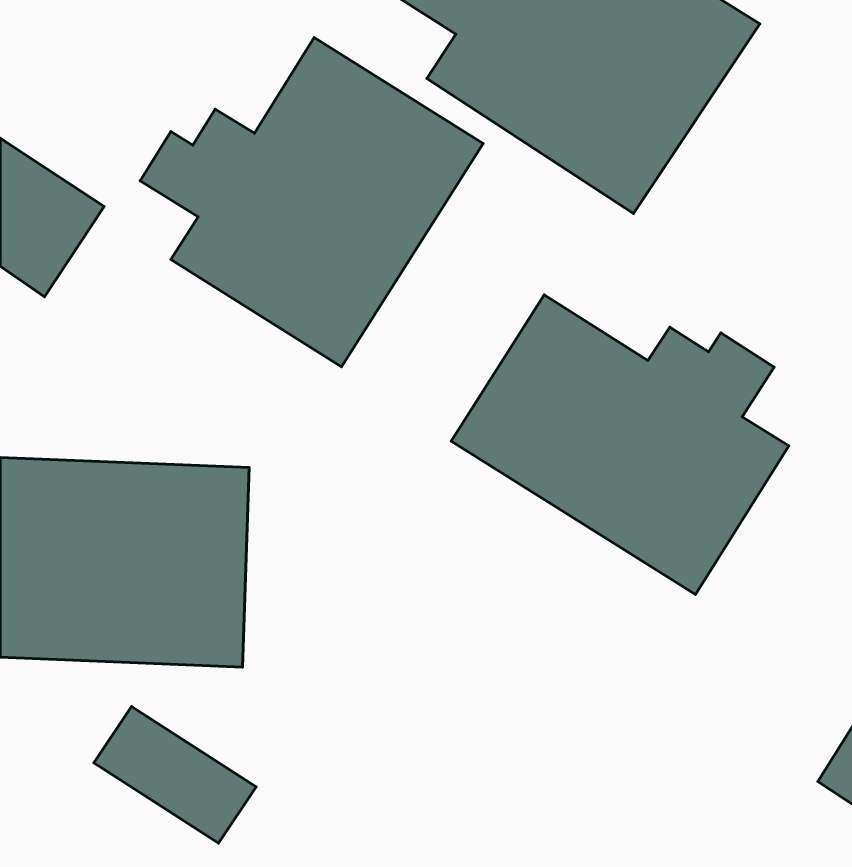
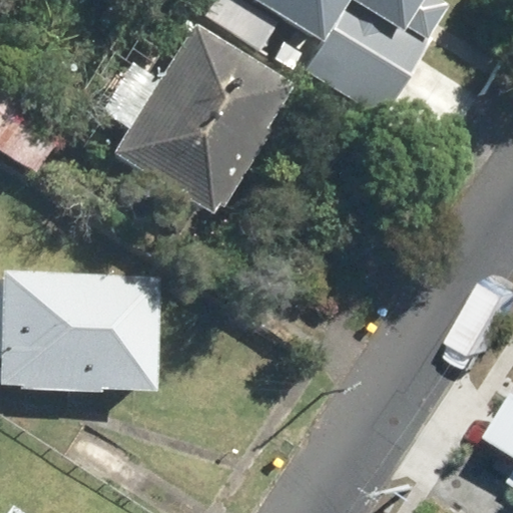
building: [451,295,789,594] -> none

